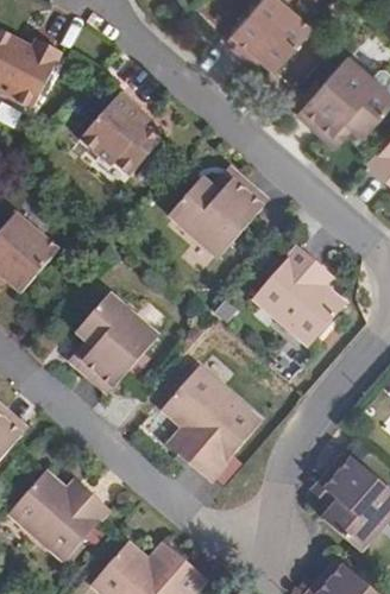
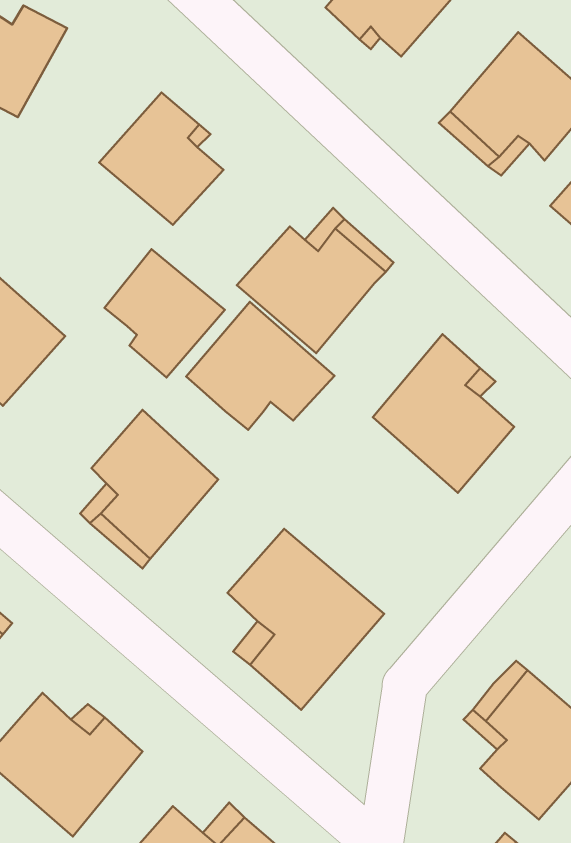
building: none -> [104,249,225,377]
building: none -> [186,302,335,430]

